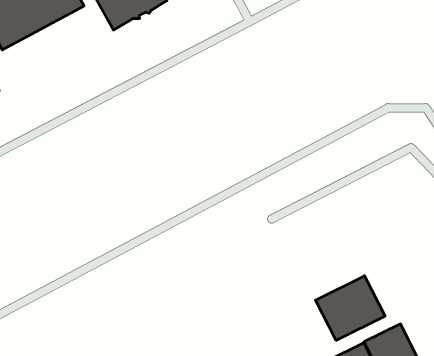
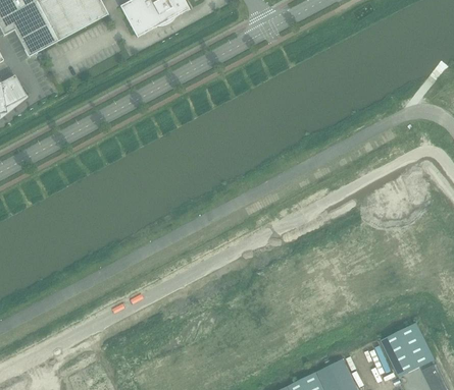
building: [315,276,385,340] -> none

